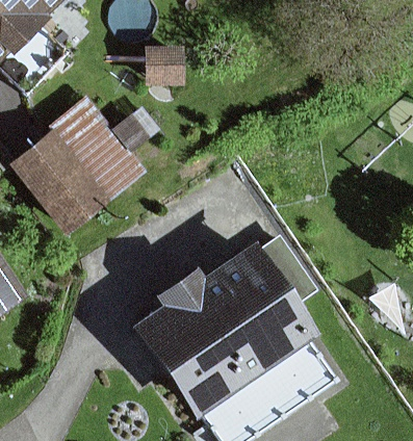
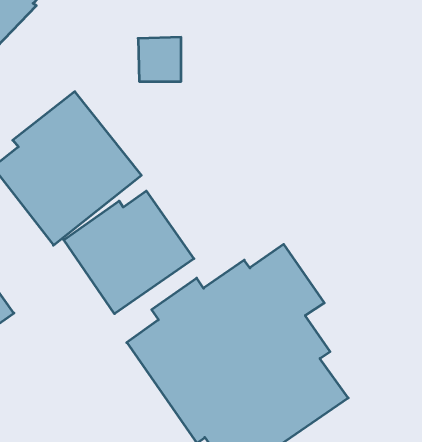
building: none -> [64,191,194,314]

